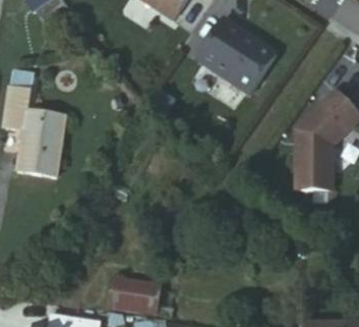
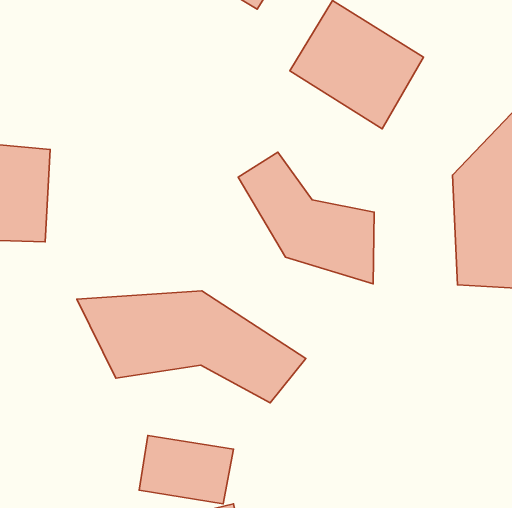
building: none -> [238,152,374,284]
building: none -> [77,291,306,403]

